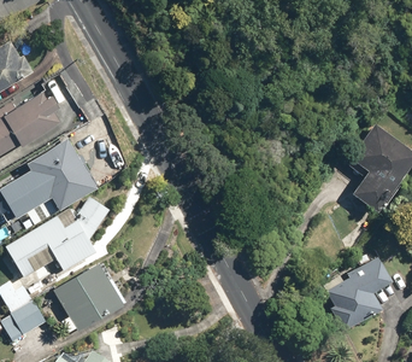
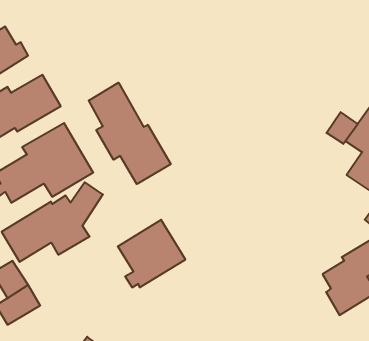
building: none -> [89,83,171,184]
building: none -> [326,112,358,144]
building: [55,262,123,329] -> [118,220,185,287]

